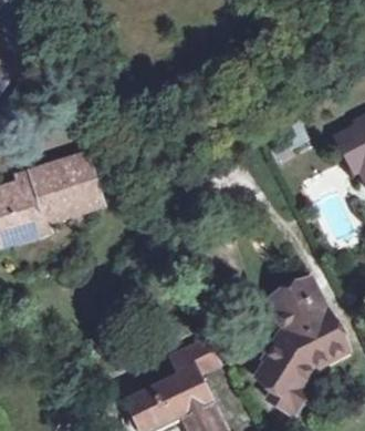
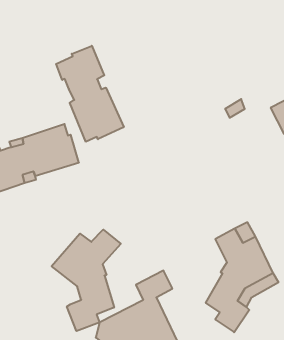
building: none -> [56,46,124,142]
building: none -> [52,230,121,331]

